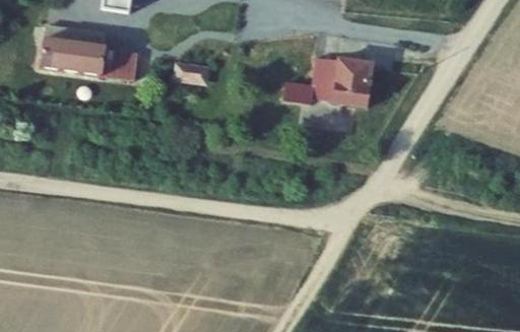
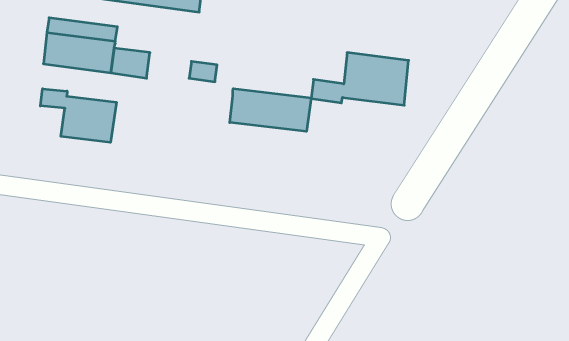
building: none -> [230,89,311,131]
building: none -> [40,89,116,142]

